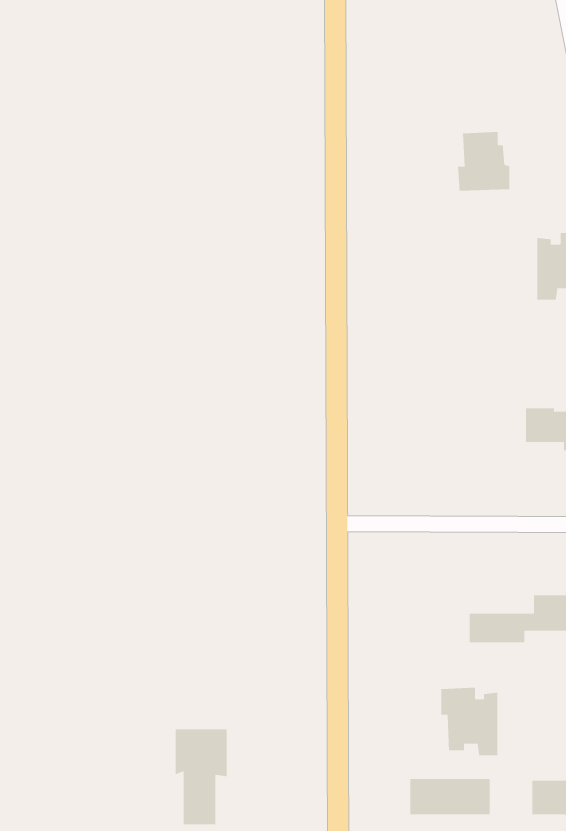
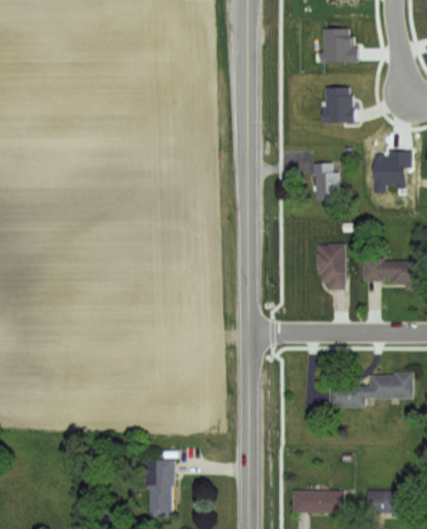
building: none -> [317,27,355,60]
building: none -> [314,163,339,199]
building: none -> [318,244,345,290]
building: [441,687,498,756] -> none

